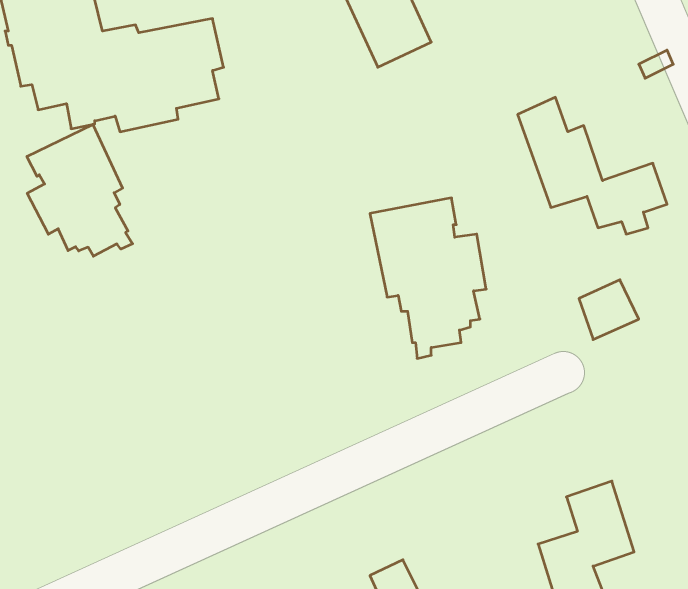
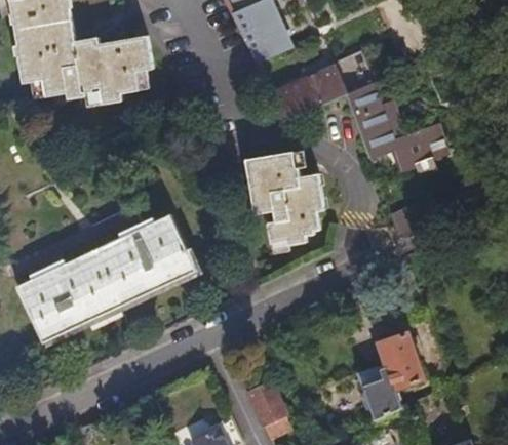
building: none -> [269,51,375,123]
building: [27,124,133,256] -> none
building: none -> [15,216,194,343]

